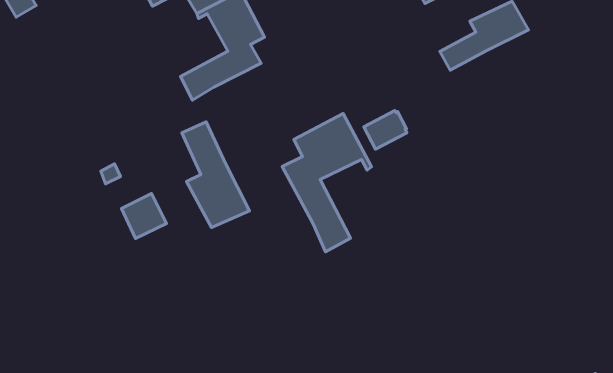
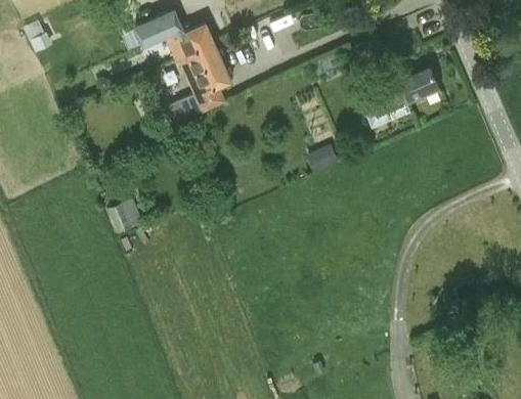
building: [282,113,372,252] -> none
building: [182,122,249,228] -> none

